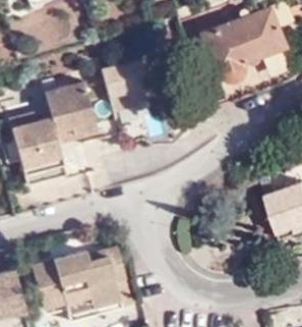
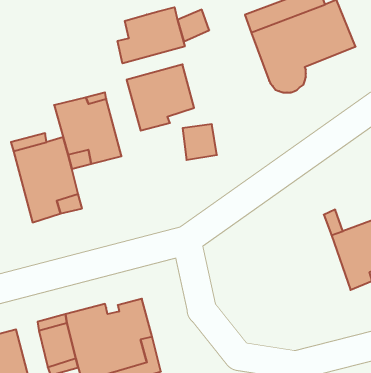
building: none -> [118,7,185,63]

